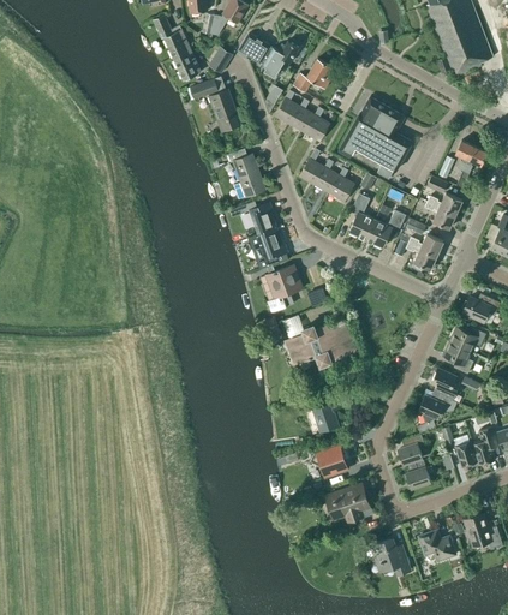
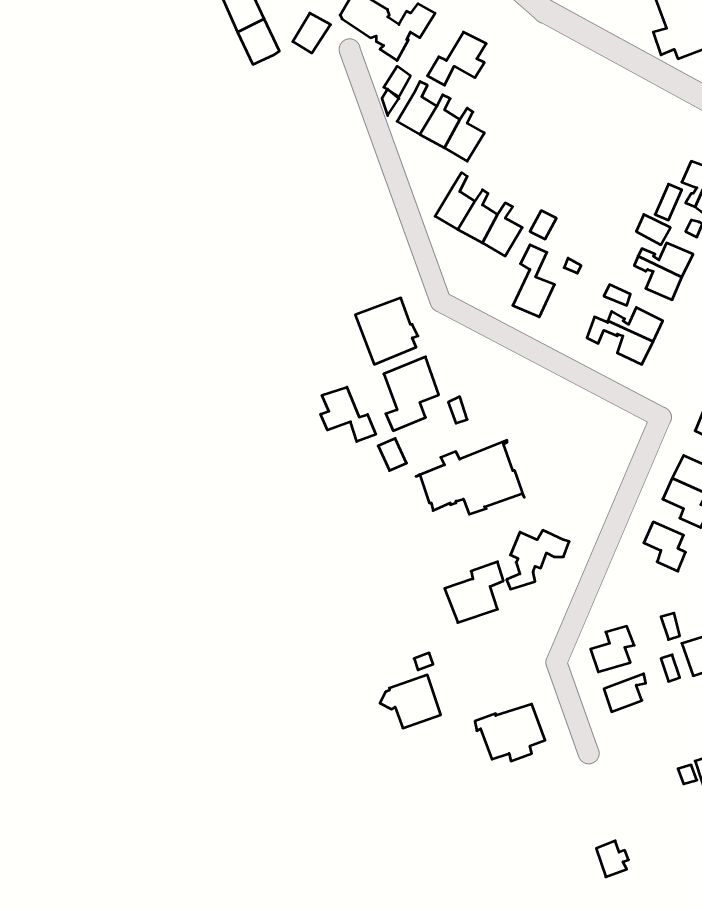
building: [190,78,239,131] -> none
building: [339,96,411,178] -> none
building: [227,148,265,198] -> none
building: [238,201,277,234] -> none
building: [365,209,406,247] -> none
building: none -> [321,387,376,442]
building: [417,394,456,431] -> [507,530,569,589]
building: [310,443,348,477] -> [380,675,441,728]
building: [419,530,455,560] -> none
building: [371,538,410,574] -> none

